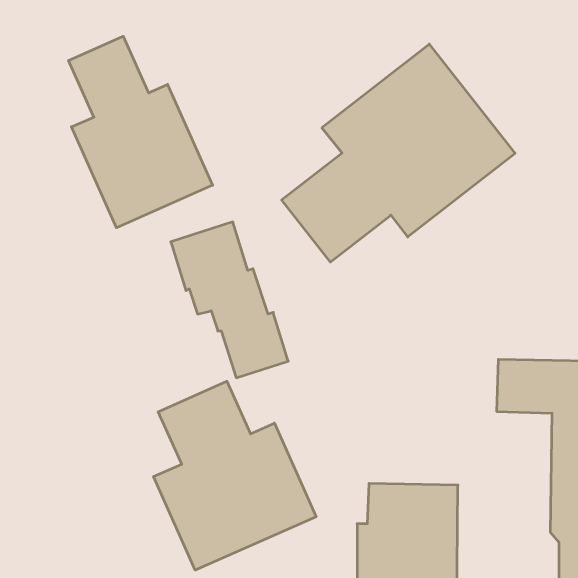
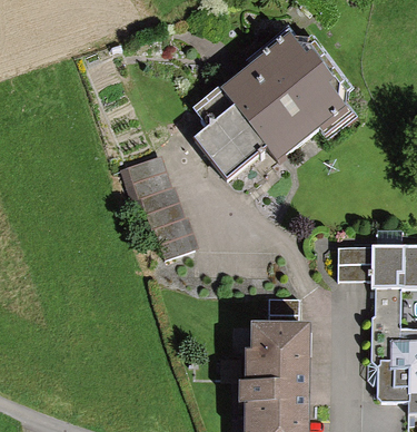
building: [69,36,213,228] -> none
building: [154,381,316,570] -> none

